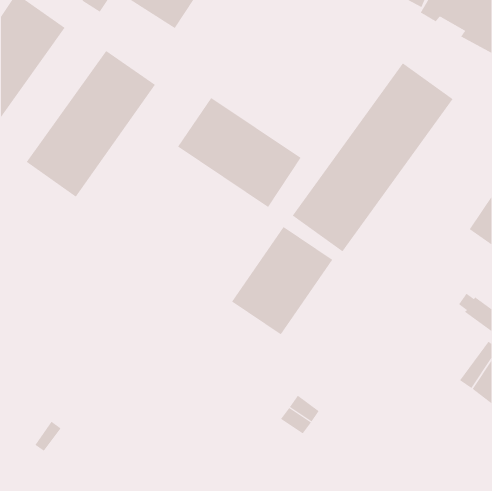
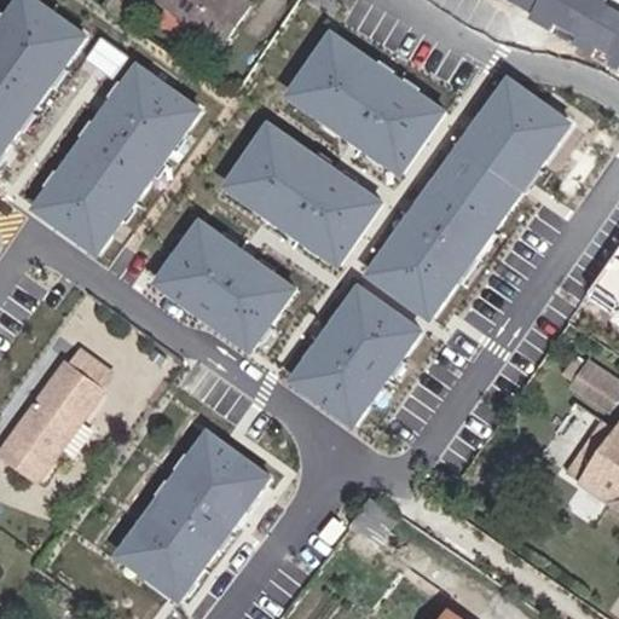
building: none -> [287,33,444,172]
building: none -> [152,220,293,349]
building: none -> [5,364,103,478]
building: none -> [115,430,268,598]

